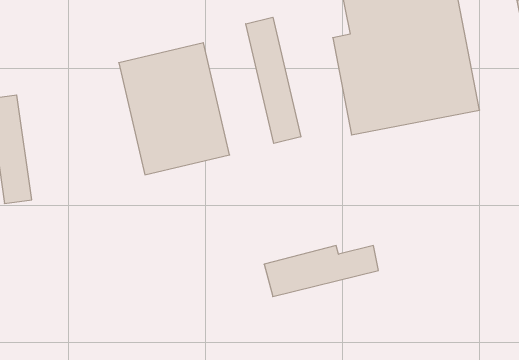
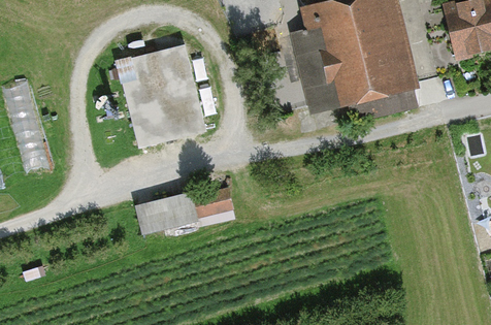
building: [246,17,301,143] -> none
building: [264,246,378,297] -> [133,192,228,234]

